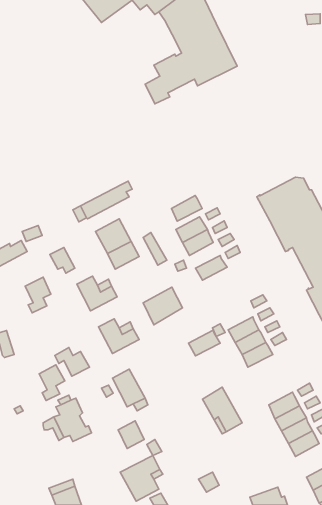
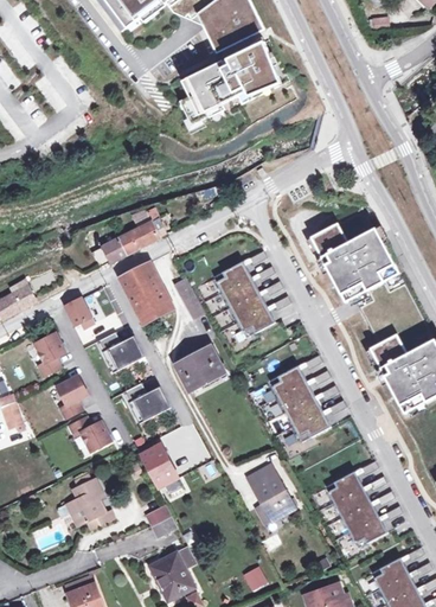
building: [171,195,202,221] -> [231,292,268,322]
building: [189,330,220,356] -> [269,365,307,396]
building: [39,365,65,401] -> [57,376,88,418]

